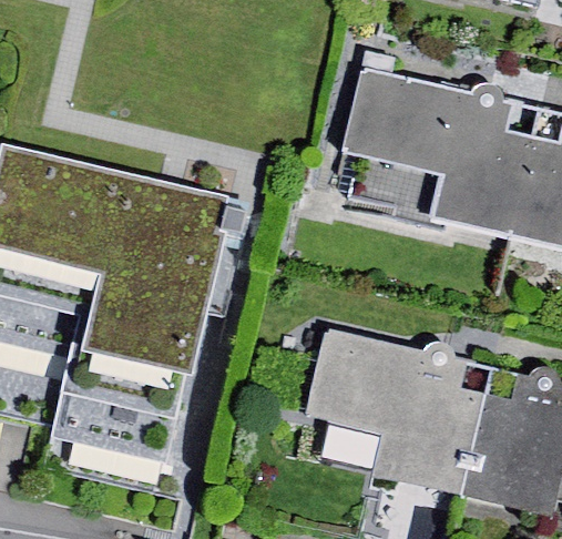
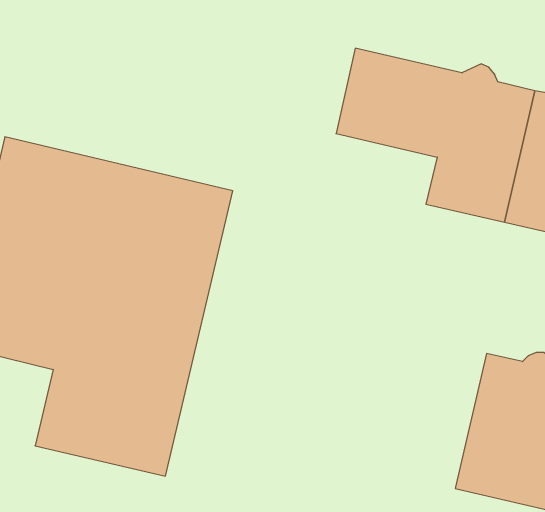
building: [305,326,490,498] -> none

